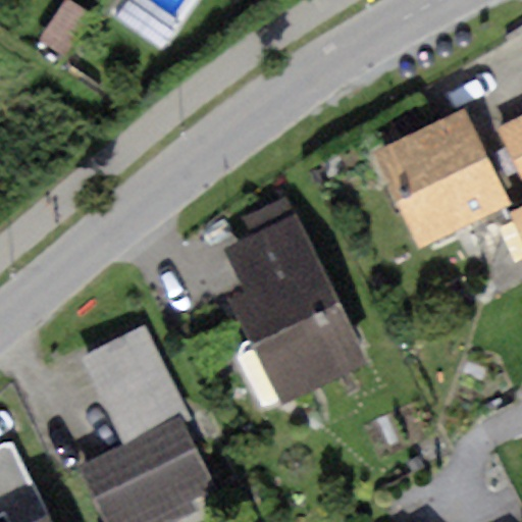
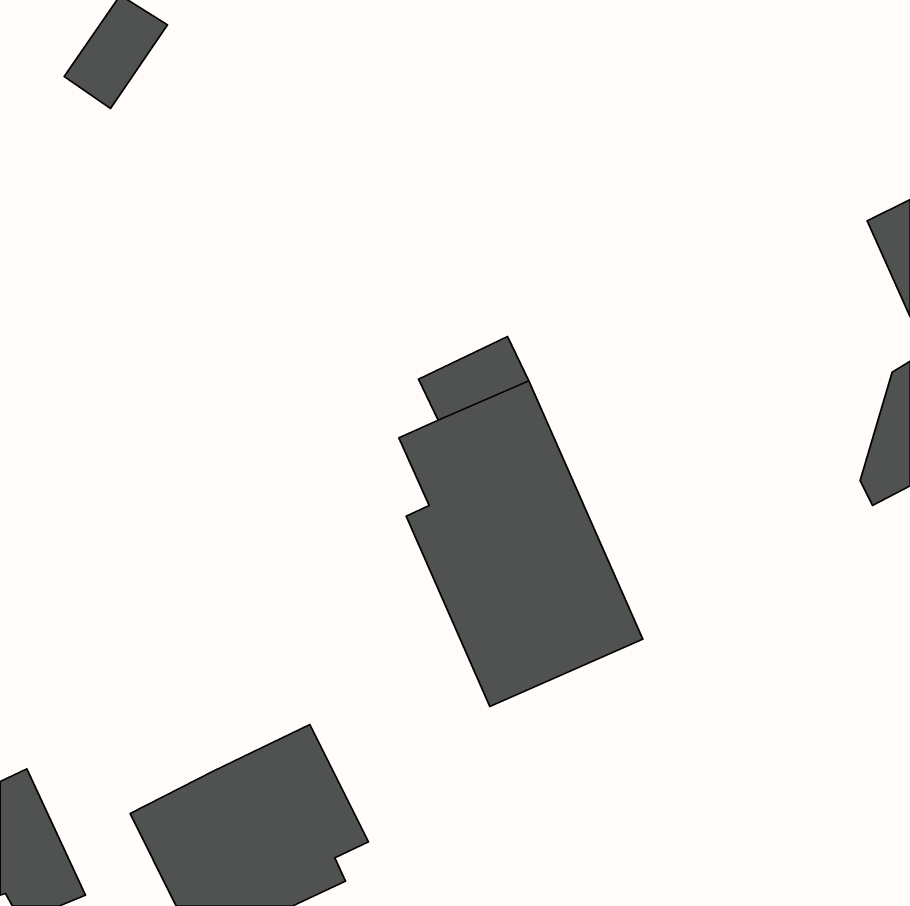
building: [373,112,507,248] -> none
building: [82,327,188,441] -> none

